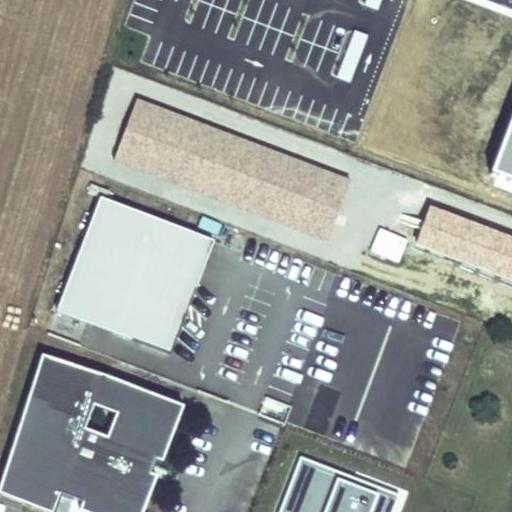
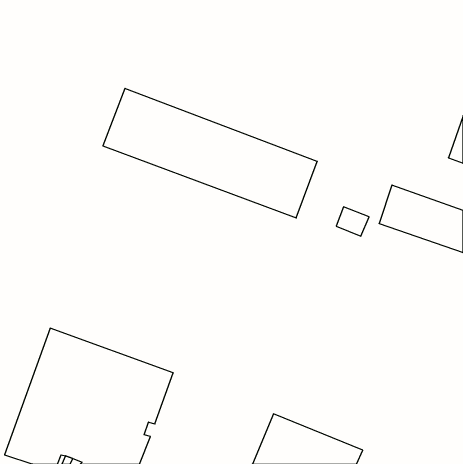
building: [57,195,209,349] -> none

